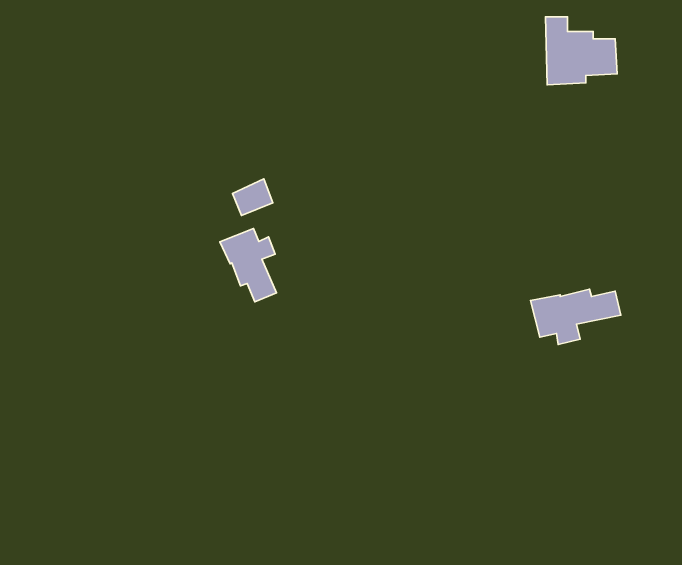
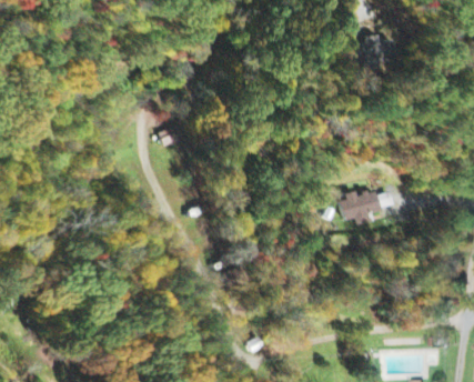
building: [220,229,277,302] -> none

